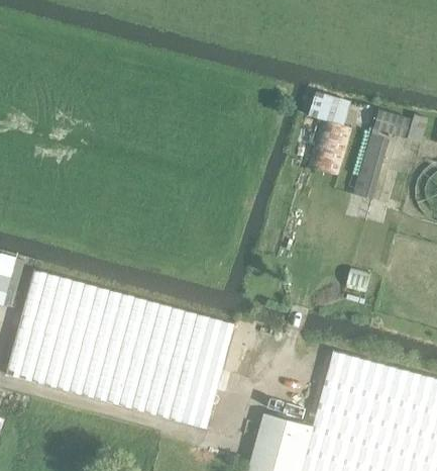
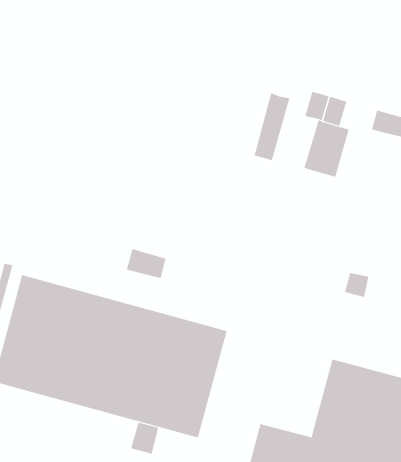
building: [353,133,389,199] -> [254,93,290,161]
building: none -> [126,248,166,279]
building: none -> [131,422,159,455]

